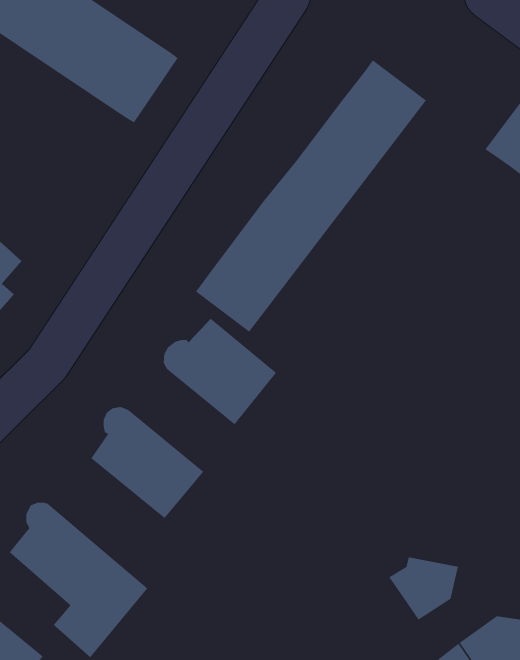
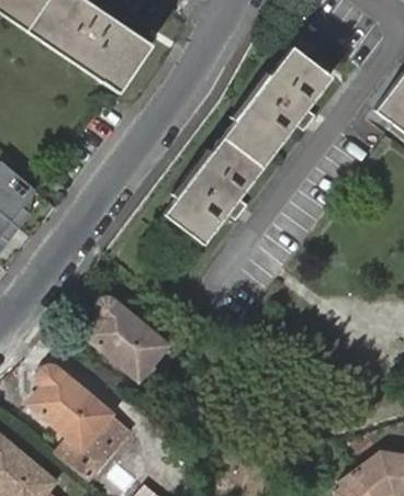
building: [163,318,277,425] -> none
building: [389,556,458,621] -> none

